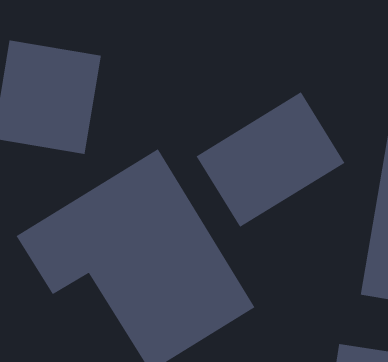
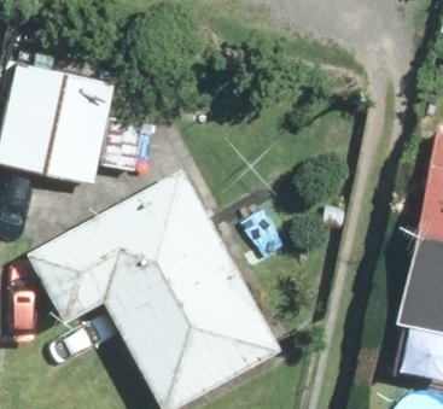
building: [196,91,345,228] -> none

